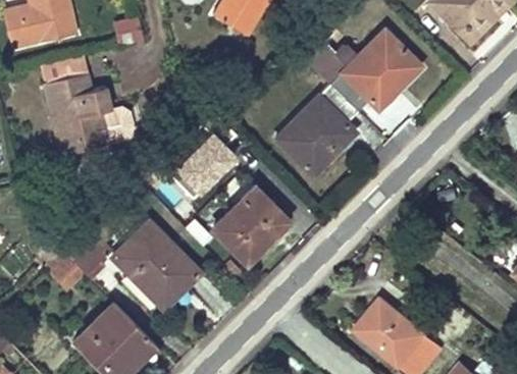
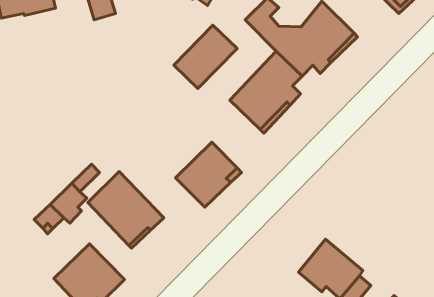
building: [47,72,137,154] -> none
building: [167,128,240,201] -> [174,25,237,88]

